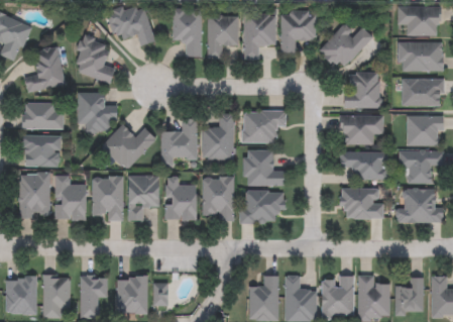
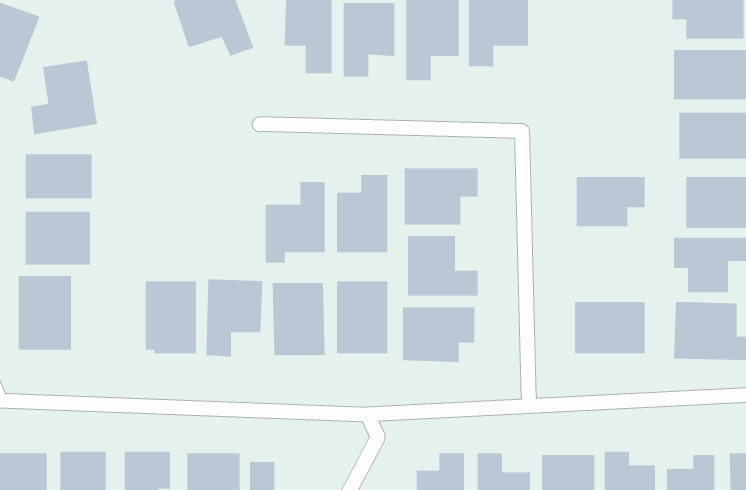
building: [320,24,373,71] -> none
building: [75,36,116,83] -> none
building: [346,73,381,108] -> none
building: [78,93,118,133] -> none
building: [102,125,157,171] -> none
building: [339,152,386,180] -> none
building: [55,176,87,220] -> none

